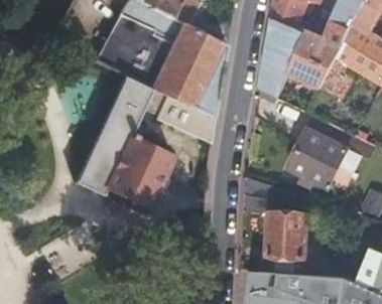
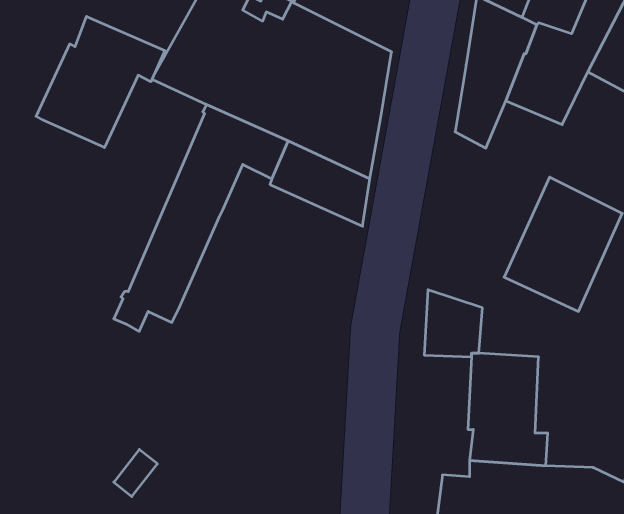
building: none -> [36,16,165,148]
building: [108,136,171,205] -> none

